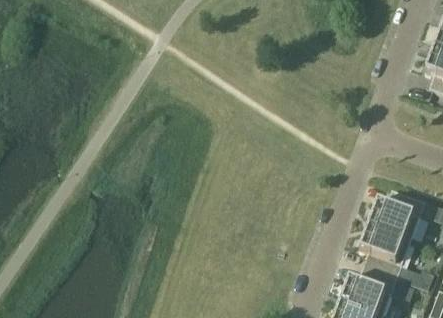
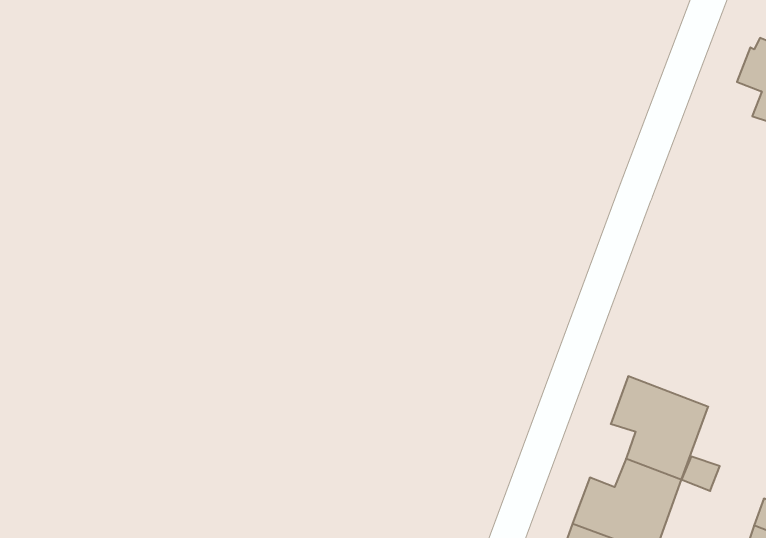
building: [368,193,425,244] -> none

